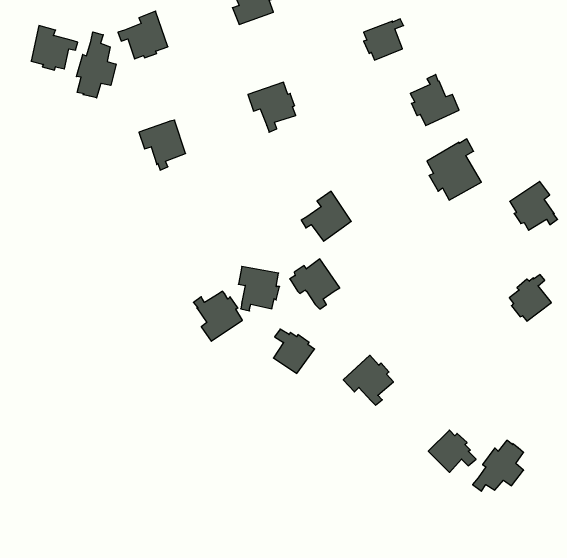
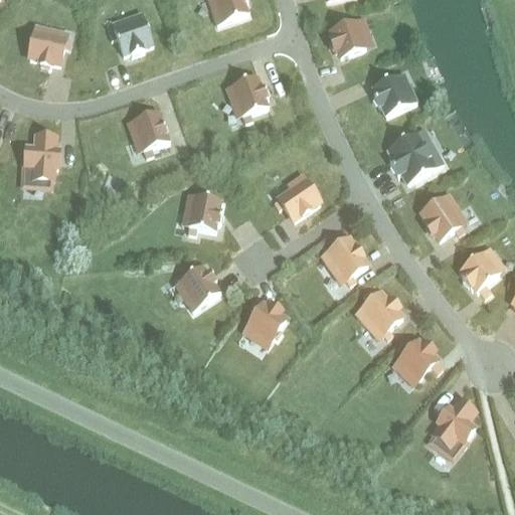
building: [76,32,116,98] -> none
building: none -> [24,133,57,185]
building: [510,181,558,230] -> [420,193,464,237]
building: [290,259,340,309] -> [321,236,366,282]
building: [238,266,280,311] -> [184,191,221,231]
building: [343,355,393,405] -> [356,291,401,336]
building: [428,430,476,472] -> [398,339,442,377]

